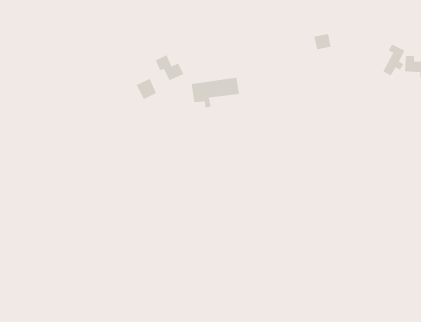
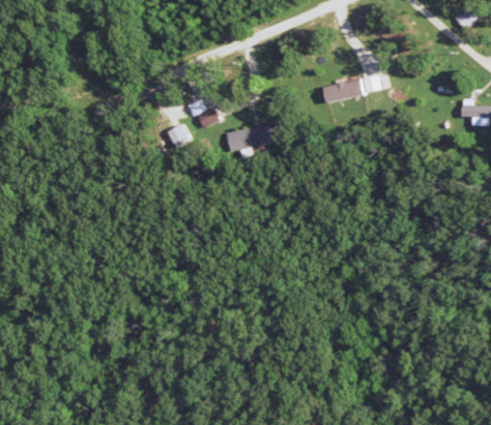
building: none -> [322,80,363,103]
building: [383,44,405,76] -> none

